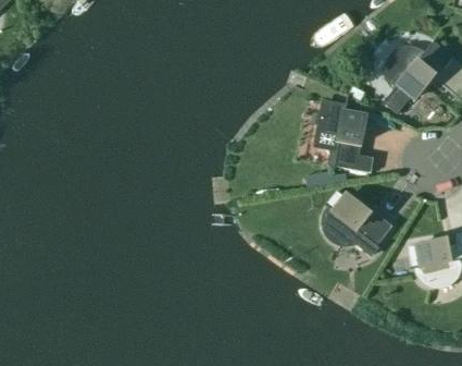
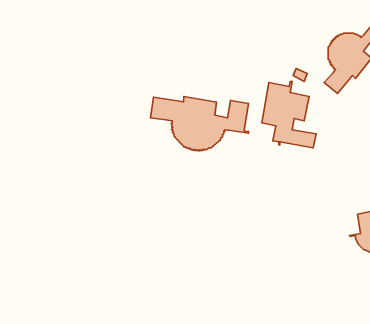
building: none -> [150,97,249,151]
building: [324,190,392,254] -> none

